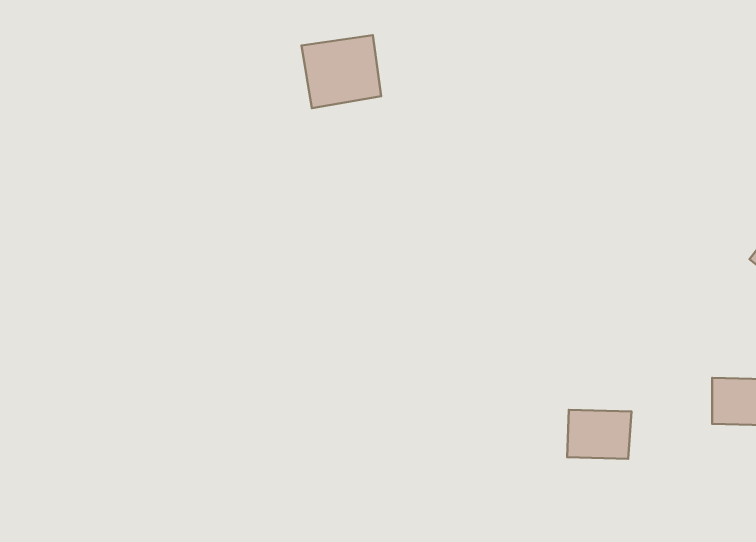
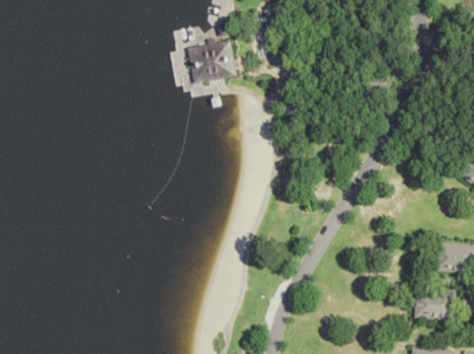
building: [567,410,632,459] -> [413,290,452,320]

